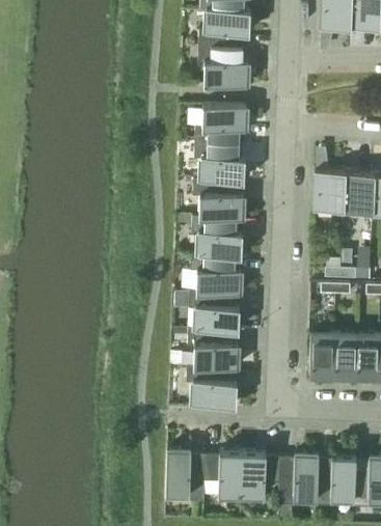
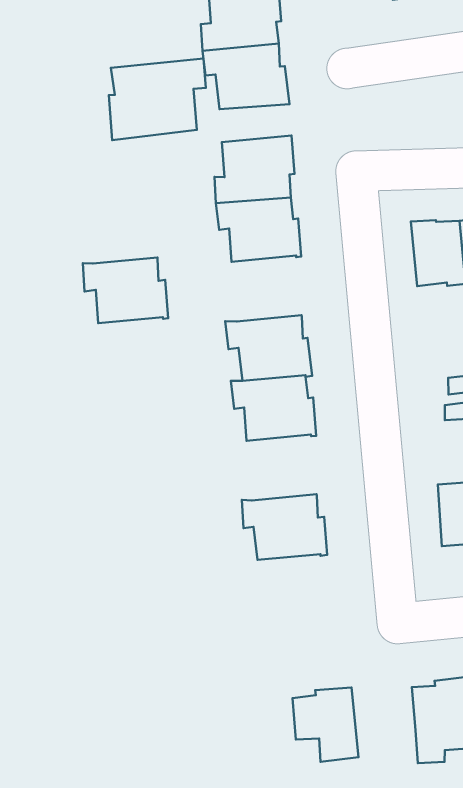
building: none -> [109,59,206,140]
building: [193,181,244,221] -> [83,257,168,323]
building: [189,293,240,333] -> none
building: [187,367,237,408] -> none
building: [165,451,206,503] -> none
building: [242,454,280,499] -> none

